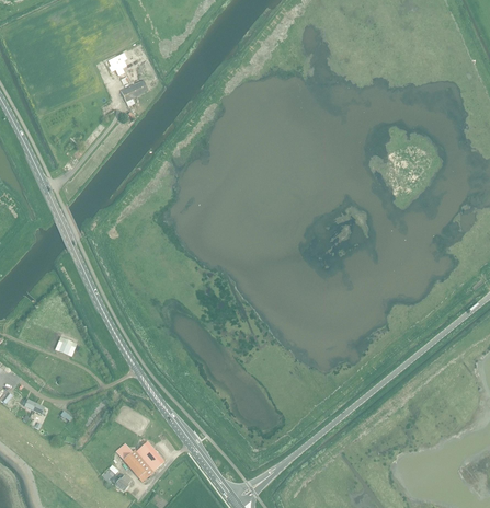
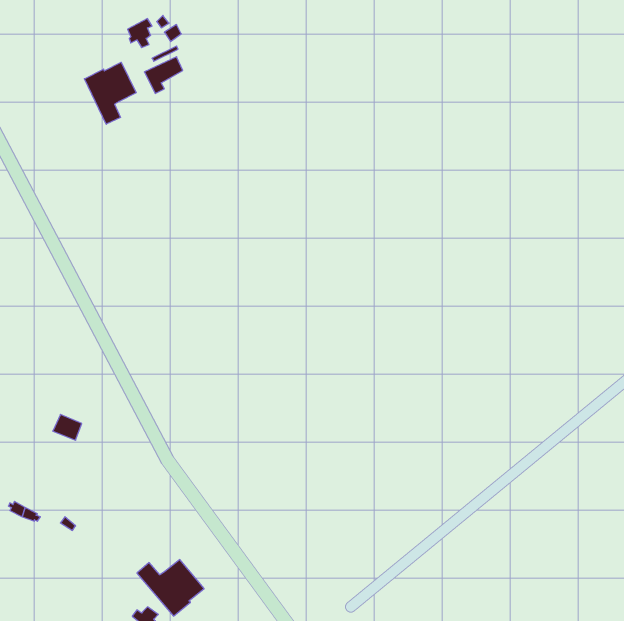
building: none -> [84,62,136,124]

